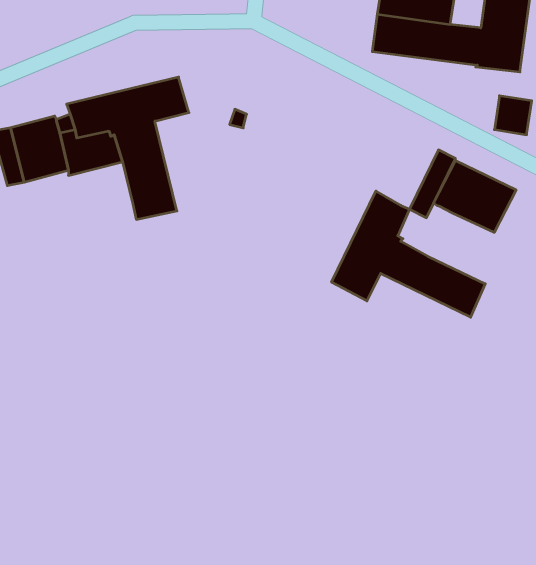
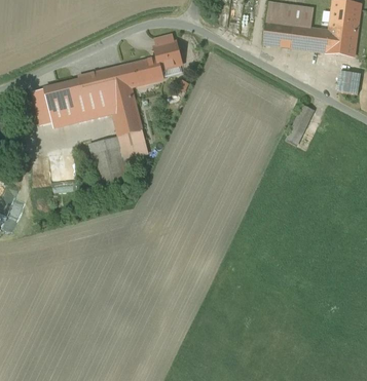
building: none -> [146,41,181,81]
building: [434,160,516,232] -> none
building: [332,191,485,317] -> none
building: none -> [91,137,148,182]

